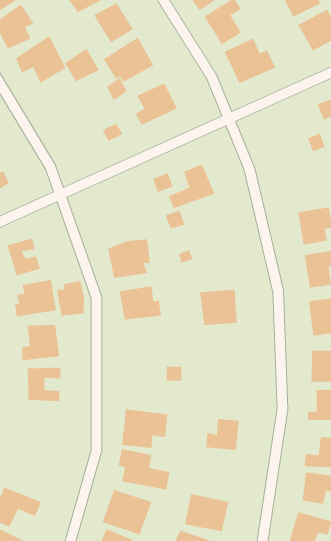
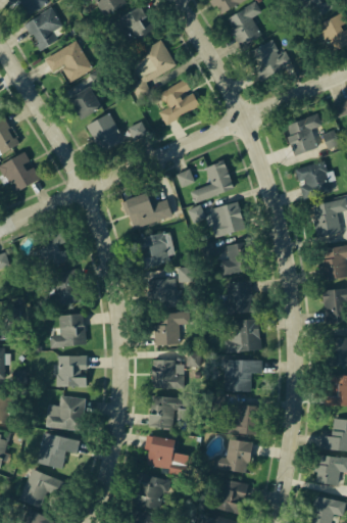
building: [64,48,100,82] -> [68,86,102,118]
building: none -> [86,112,126,151]
building: none -> [285,114,321,155]
building: none -> [296,161,333,199]
building: none -> [123,190,175,229]
building: none -> [209,201,248,237]
building: none -> [220,241,254,275]
building: [56,280,84,317] -> none
building: none -> [154,312,193,345]
building: none -> [225,319,262,352]
building: none -> [152,360,186,388]
building: none -> [224,361,263,392]
building: none -> [47,395,87,431]
building: none -> [37,433,82,469]
building: none -> [213,441,252,474]

